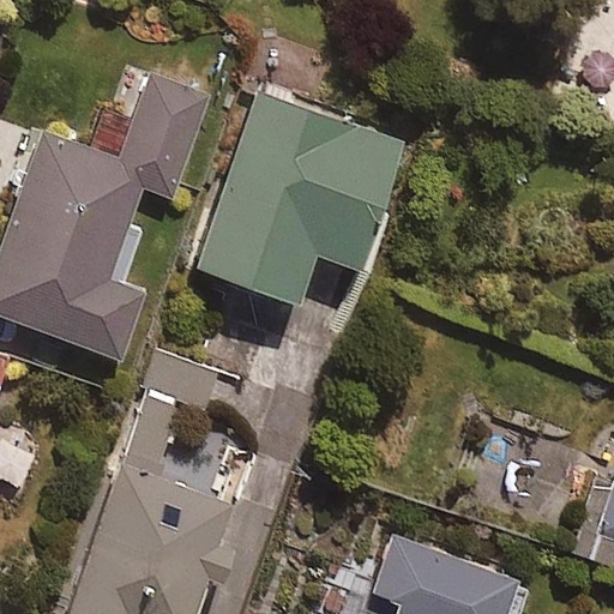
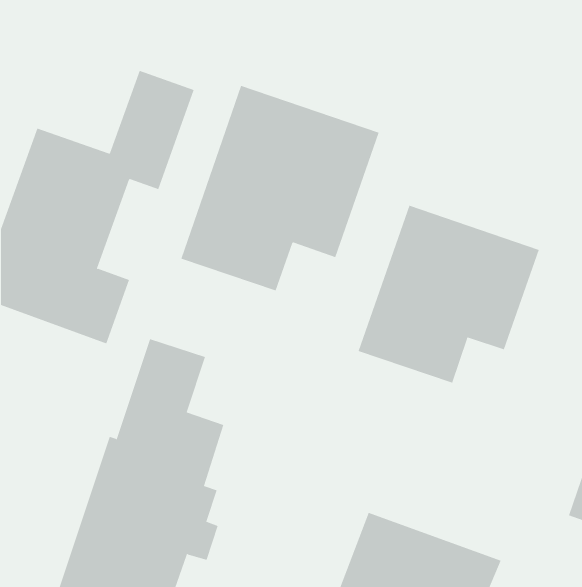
building: none -> [358,205,539,383]

